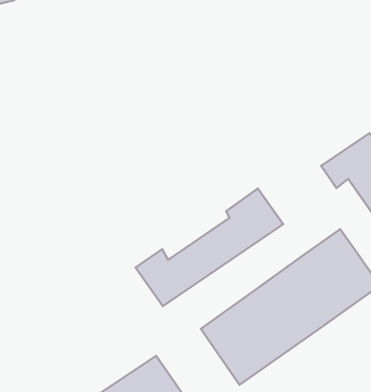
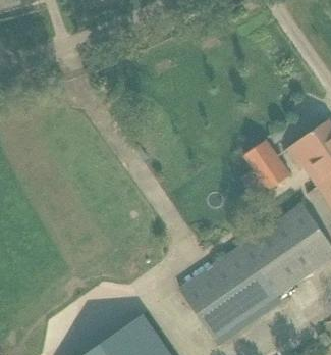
building: none -> [243,140,289,190]
building: [135,188,283,306] -> none

